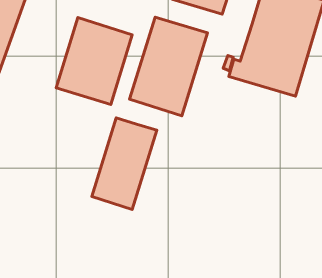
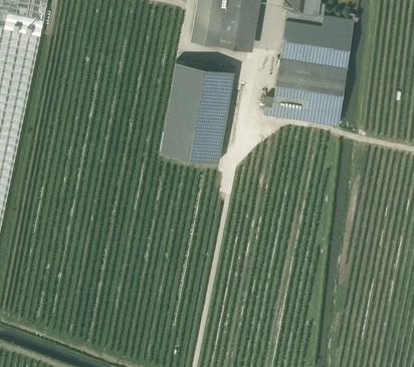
building: [56,18,132,104] -> none
building: [92,118,157,209] -> none

